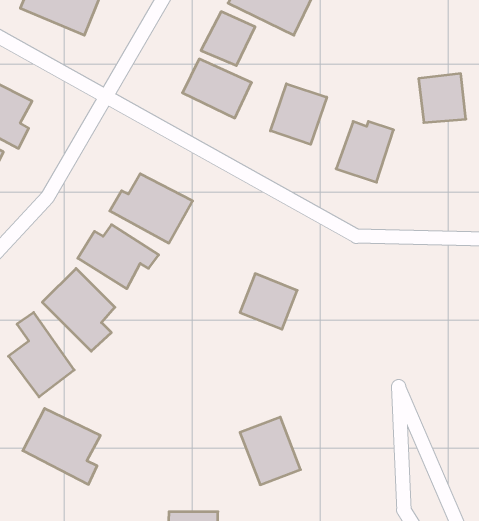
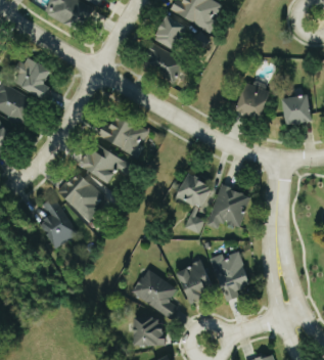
building: [419,74,466,123] -> [282,94,311,124]
building: [270,84,327,144] -> none
building: none -> [206,185,249,229]
building: none -> [211,252,249,302]
building: [23,408,100,484] -> [131,270,178,316]

